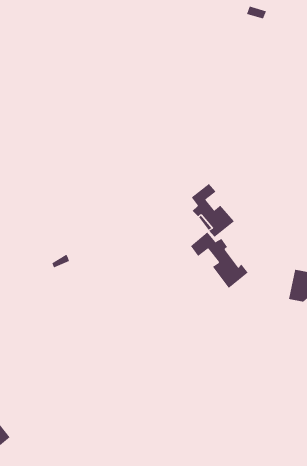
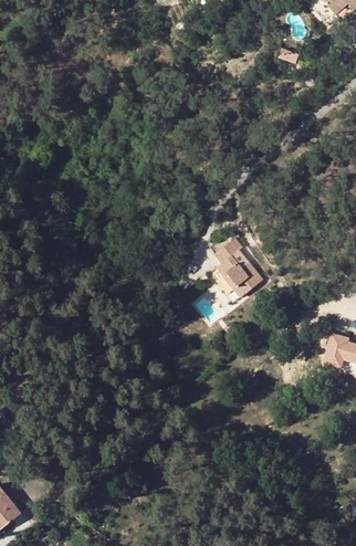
building: [190,232,248,289] -> none

